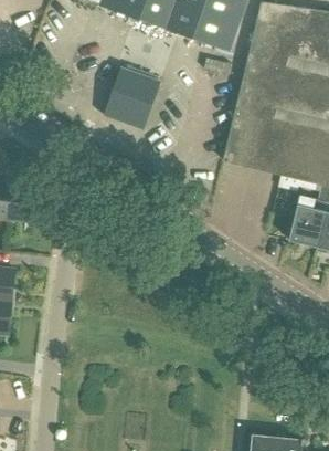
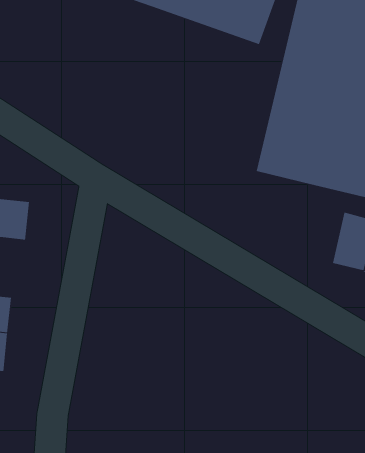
building: [103,70,158,127] -> none

